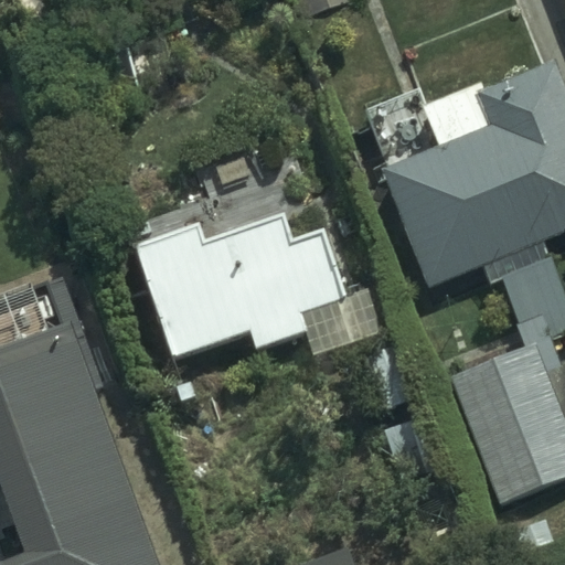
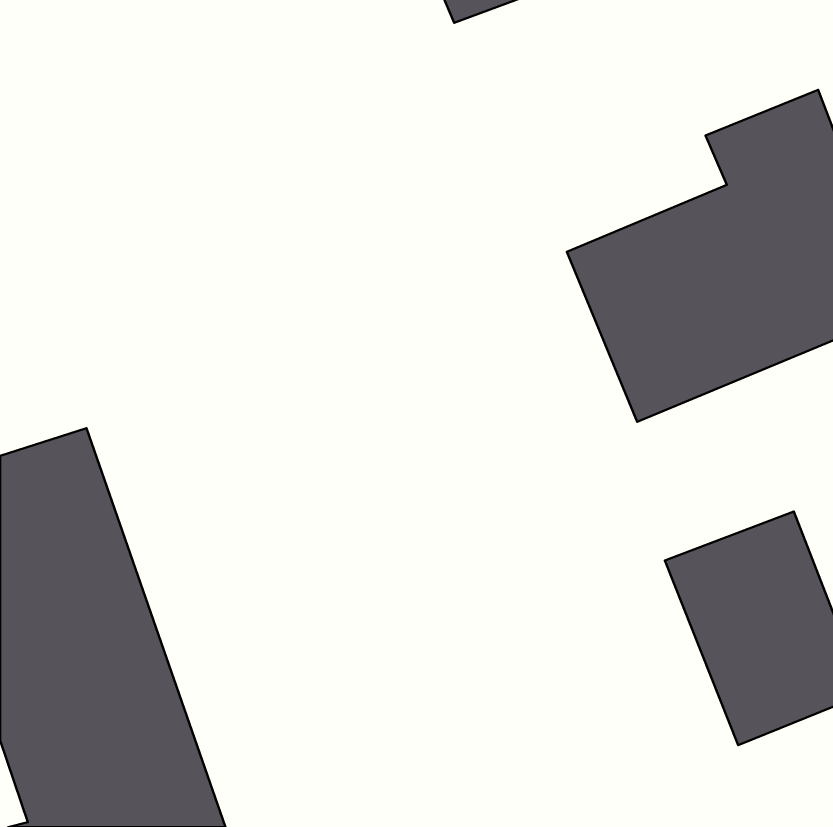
building: [130,217,381,362] -> none

